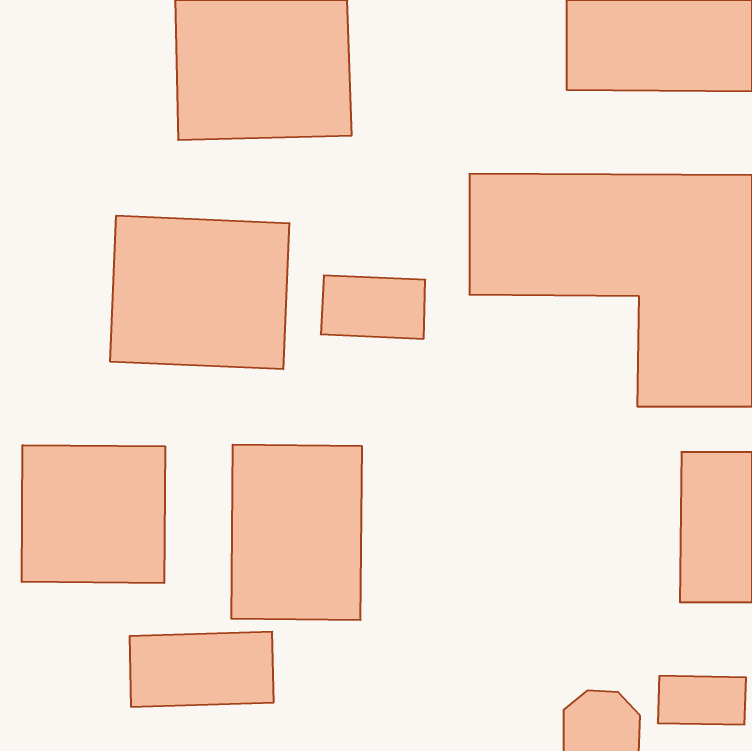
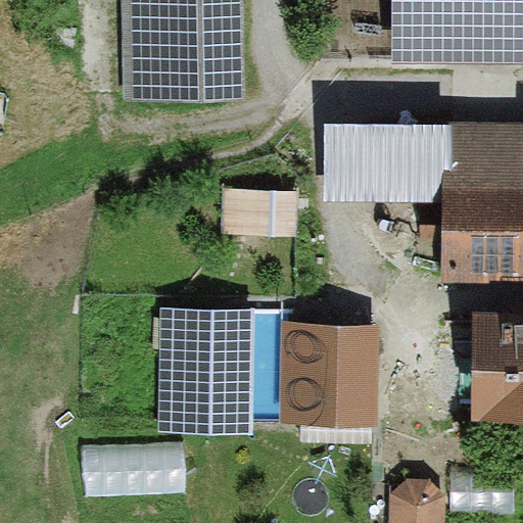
building: [110,216,289,369] -> none
building: [22,445,165,583] -> none
building: none -> [283,324,376,423]

